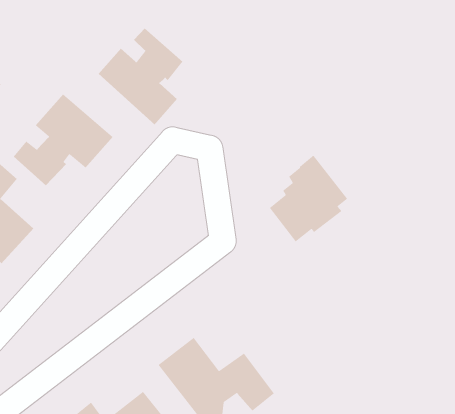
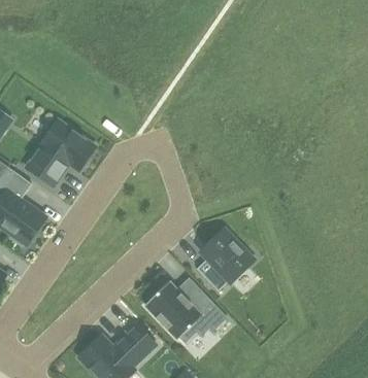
building: [98,28,183,125] -> none
building: [269,155,348,243] -> [196,228,252,291]

